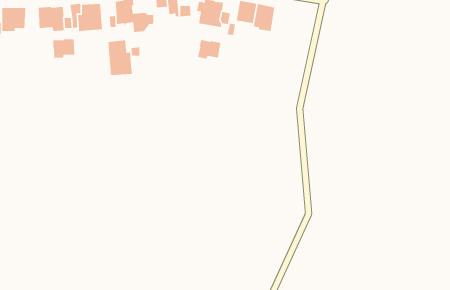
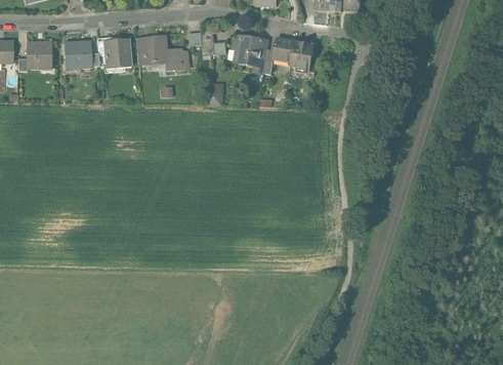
building: [52,39,75,59] -> none
building: [197,39,221,59] -> none
building: [108,40,133,76] -> none

